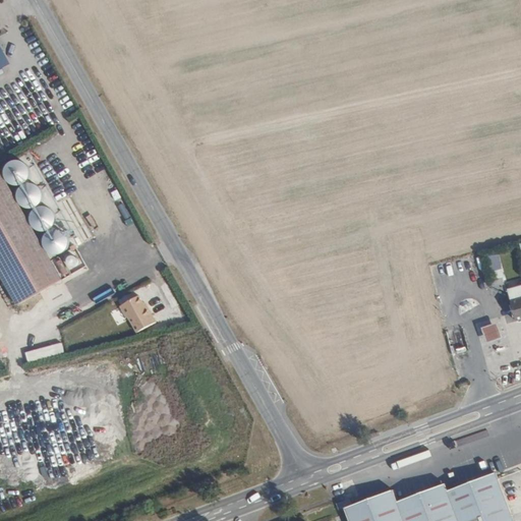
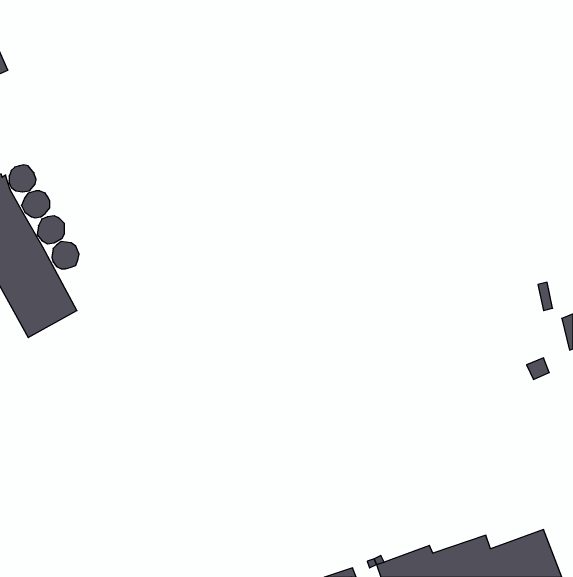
building: [115,299,151,336] -> none

